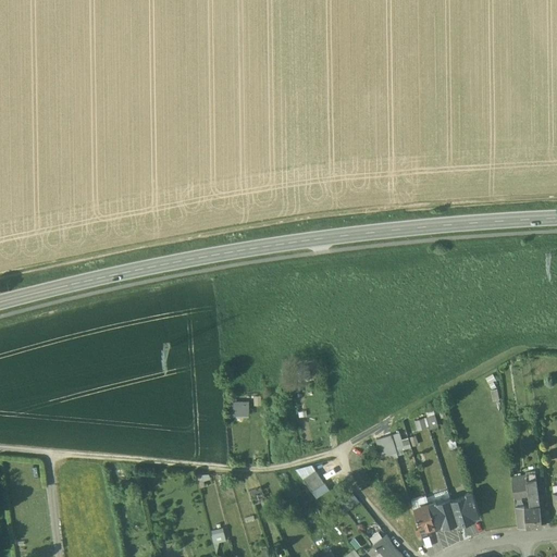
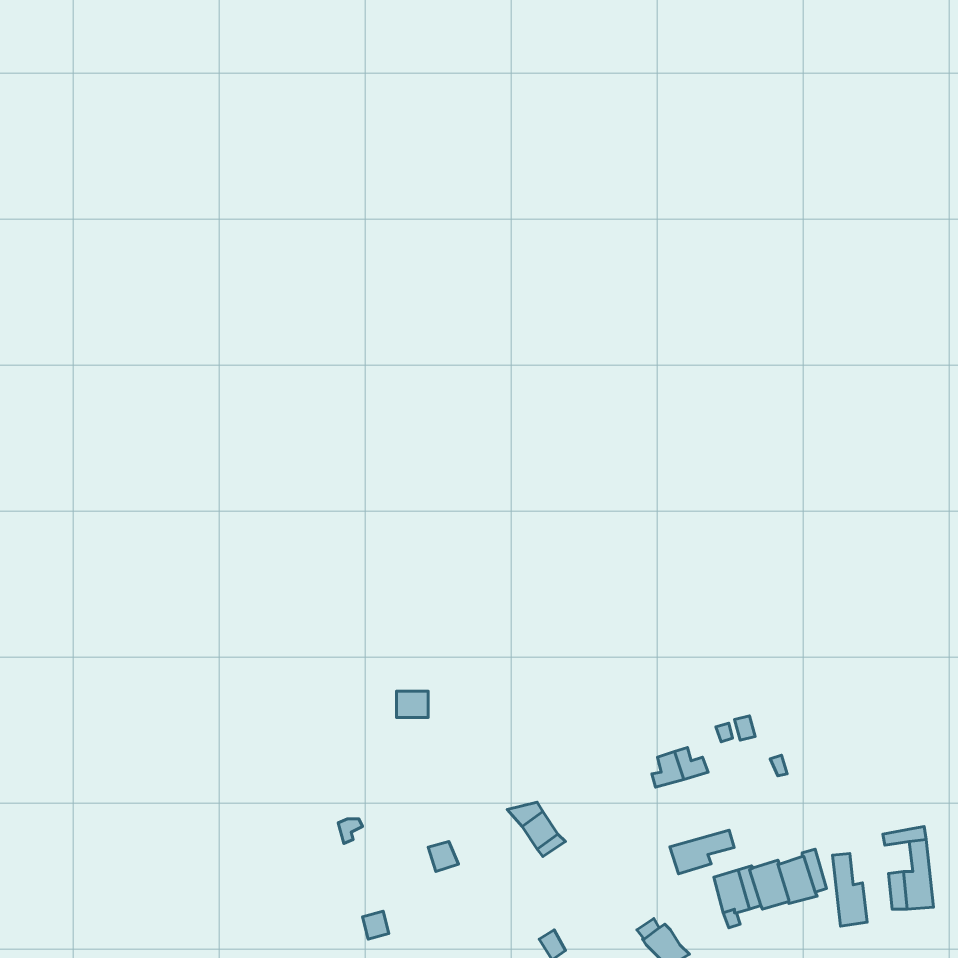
building: none -> [670,830,734,874]
building: none -> [833,853,867,926]

